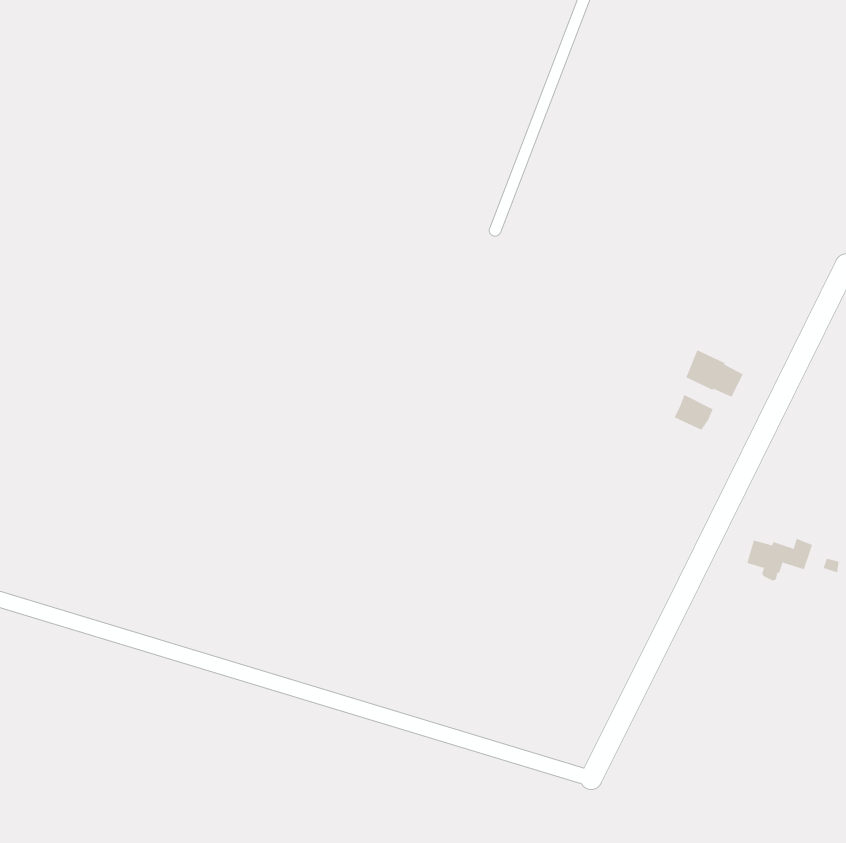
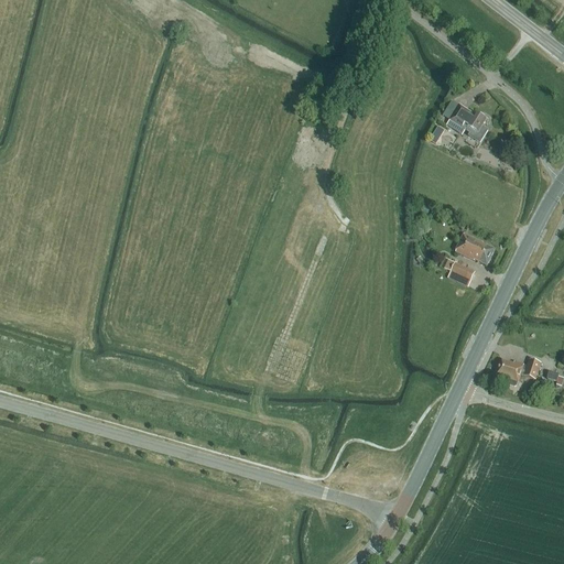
building: none -> [447,105,489,142]

